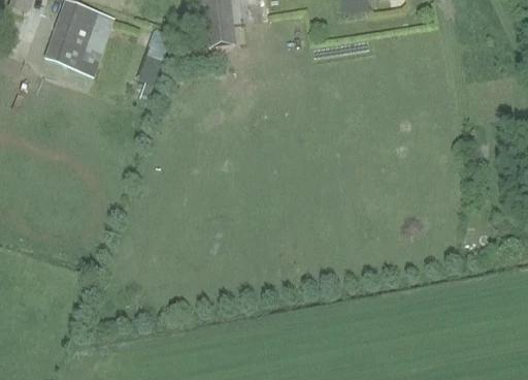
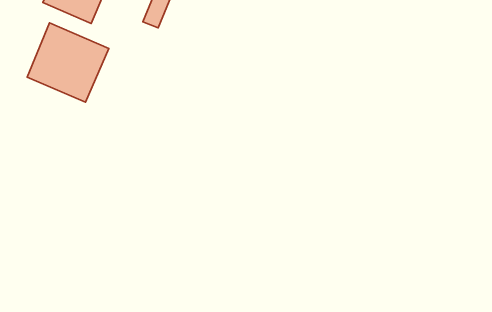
building: none -> [27,23,109,102]

